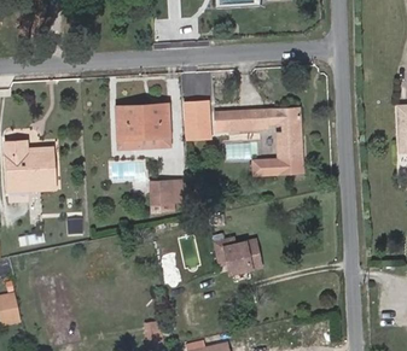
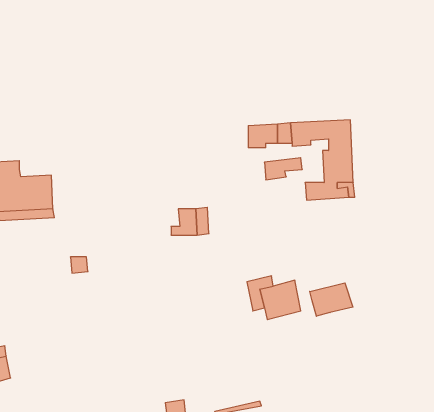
building: [184,98,214,140] -> none
building: [116,104,169,147] -> none
building: none -> [310,283,353,316]

